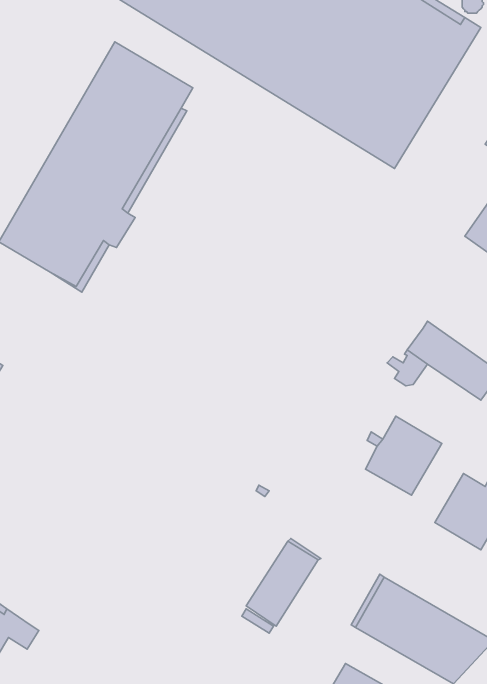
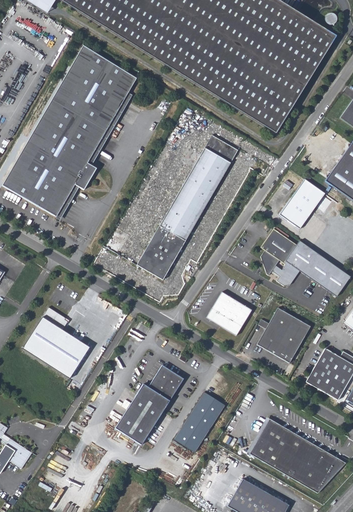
building: none -> [137,134,238,279]
building: none -> [279,178,325,228]
building: none -> [261,228,297,275]
building: none -> [207,291,251,334]
building: none -> [23,306,90,378]
building: none -> [115,365,183,444]

